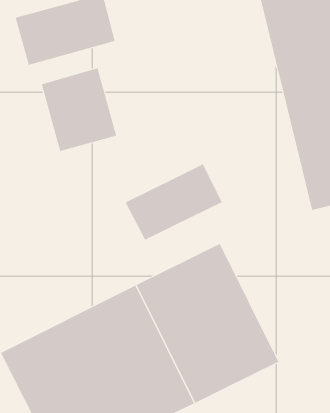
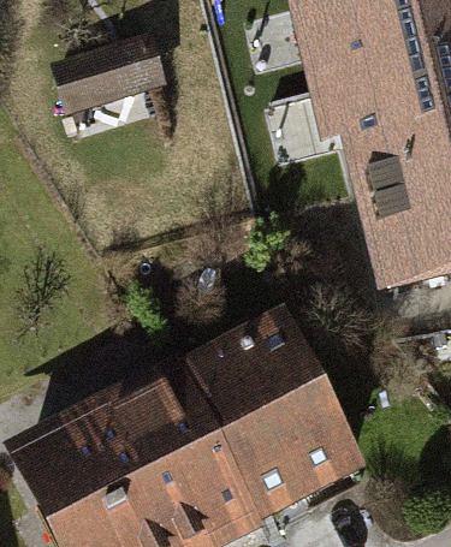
building: [41,67,117,152] -> none
building: [125,163,222,241] -> none

